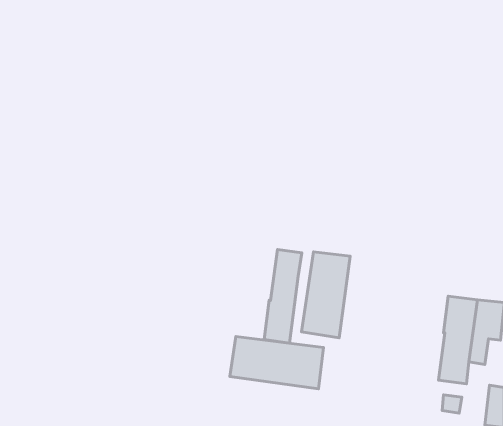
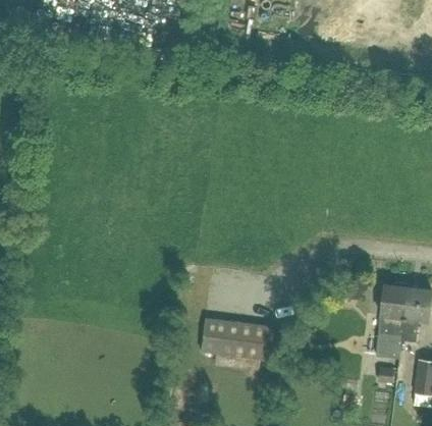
building: [264,249,302,343] -> none
building: [302,252,350,338] -> none

